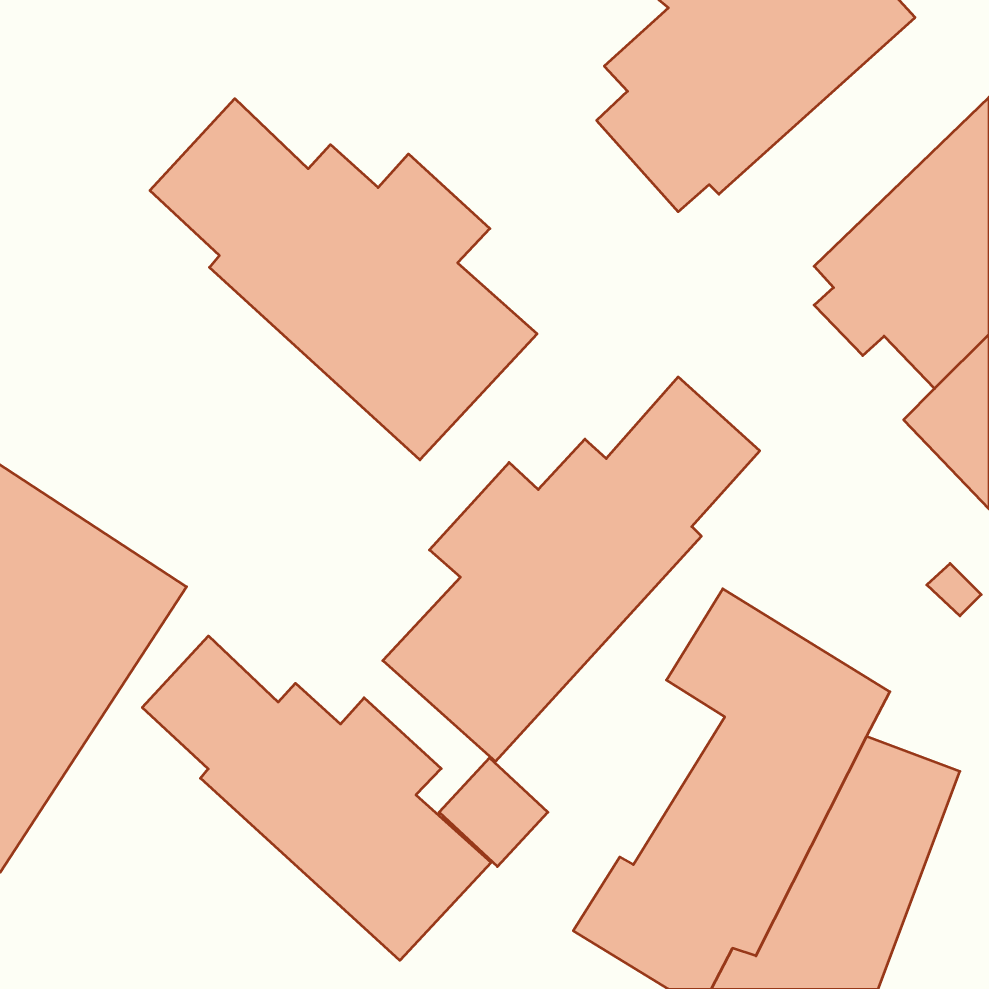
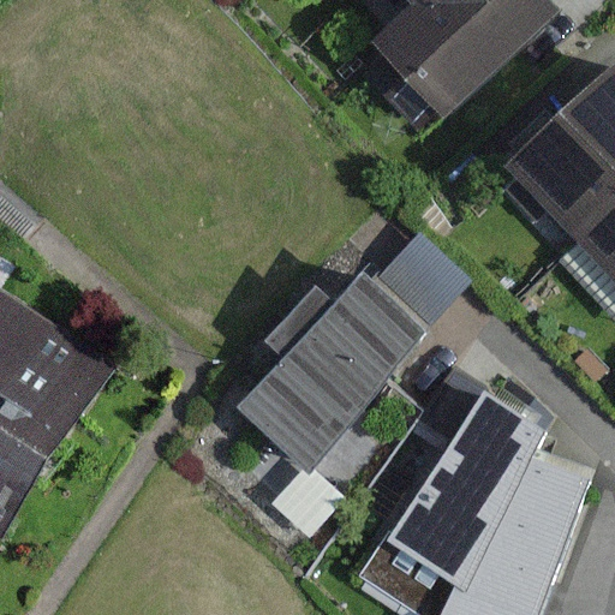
building: [150,99,537,460] -> none
building: [142,636,491,960] -> none

